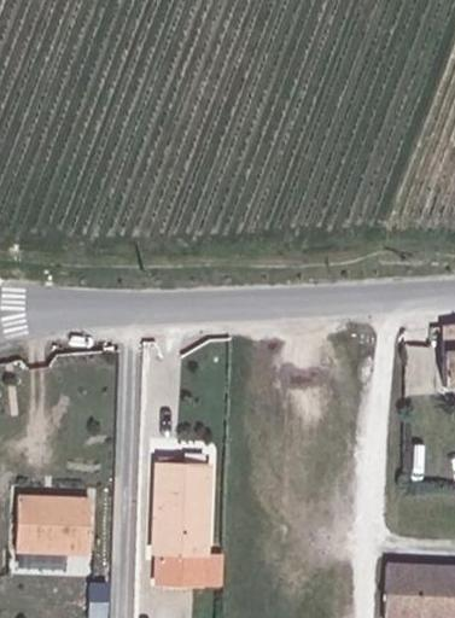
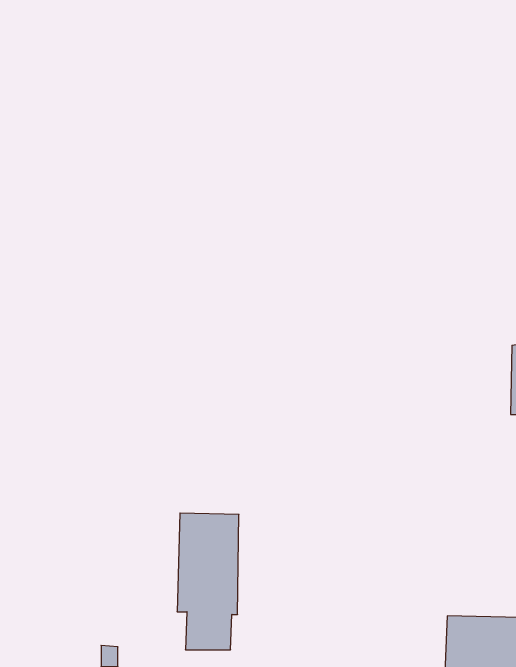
building: [19,500,91,554] -> none

